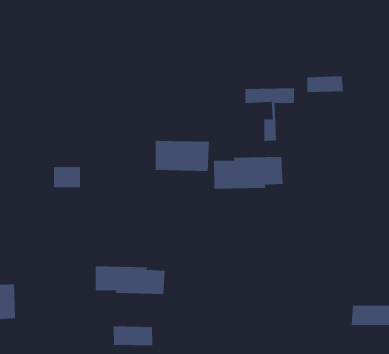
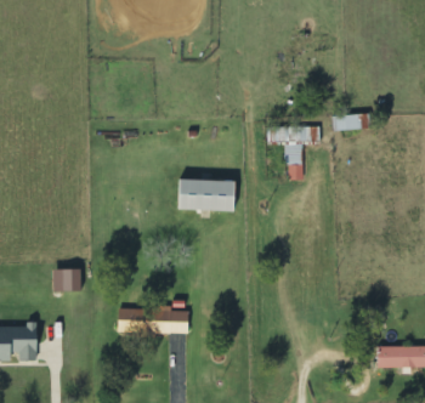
building: [214,156,283,190] -> none
building: [53,166,81,188] -> [53,268,81,290]
building: [113,326,153,346] -> none

